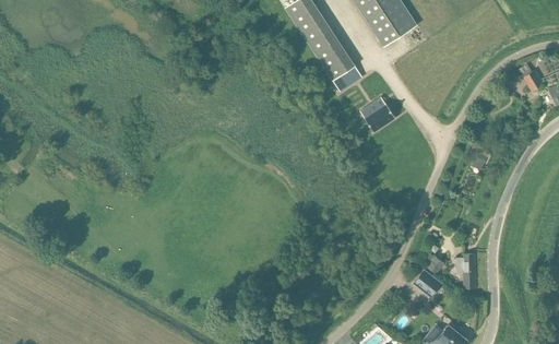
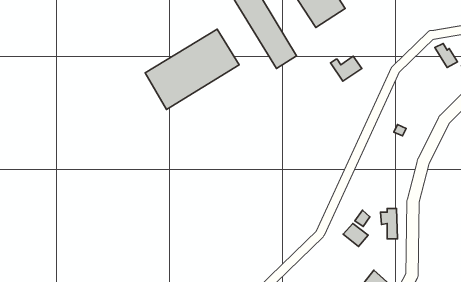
building: none -> [145,29,239,109]
building: [360,104,396,132] -> [330,56,362,81]

